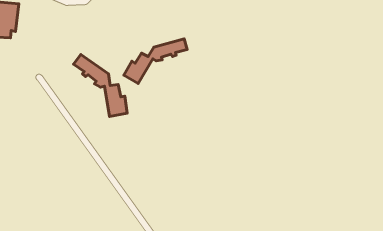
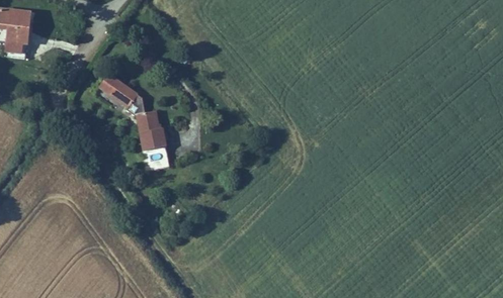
building: [124,39,187,83] -> none

